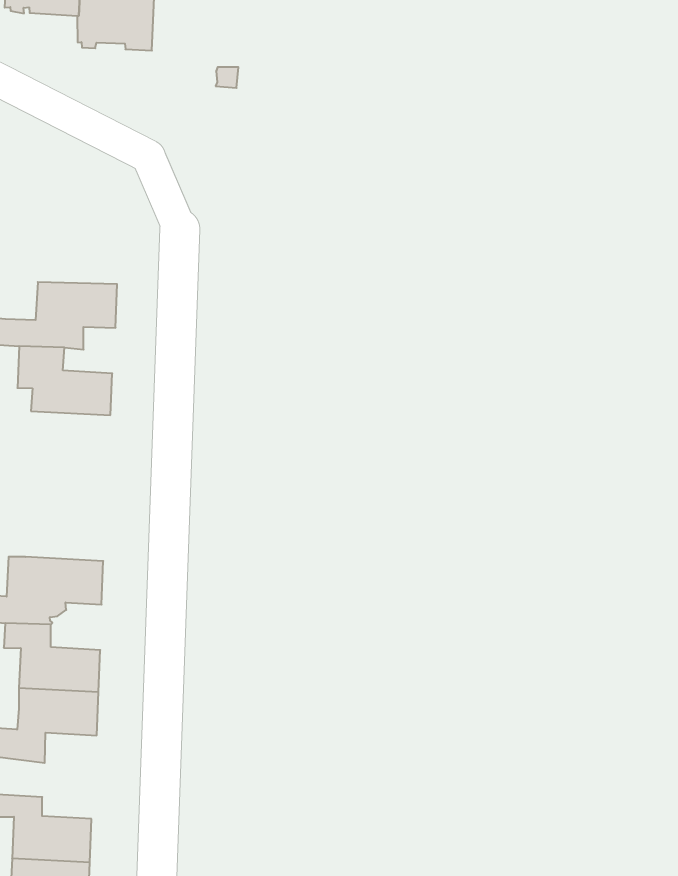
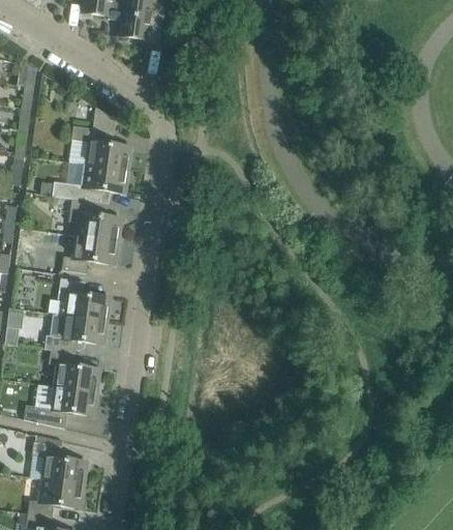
building: none -> [71,106,131,168]
building: none -> [61,233,118,271]
building: none -> [57,276,111,319]

